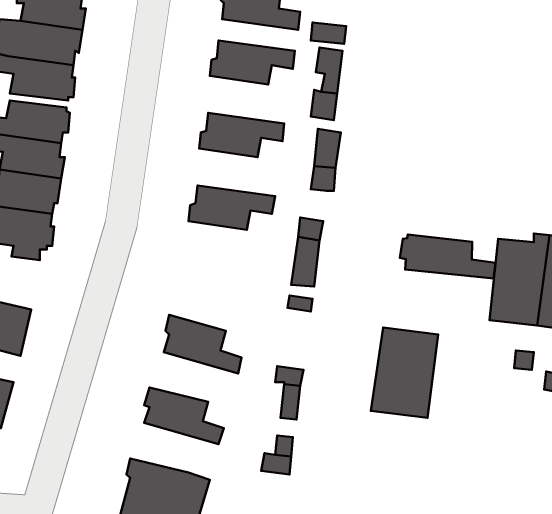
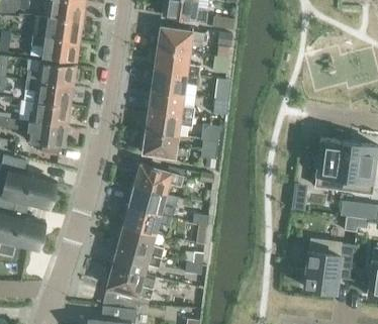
building: none -> [154,47,200,75]
building: none -> [149,89,194,116]
building: none -> [143,130,188,158]
building: [400,235,496,279] -> none
building: none -> [132,165,183,193]
building: [371,327,438,418] -> [303,239,342,291]
building: none -> [121,205,172,233]
building: none -> [110,245,161,274]

